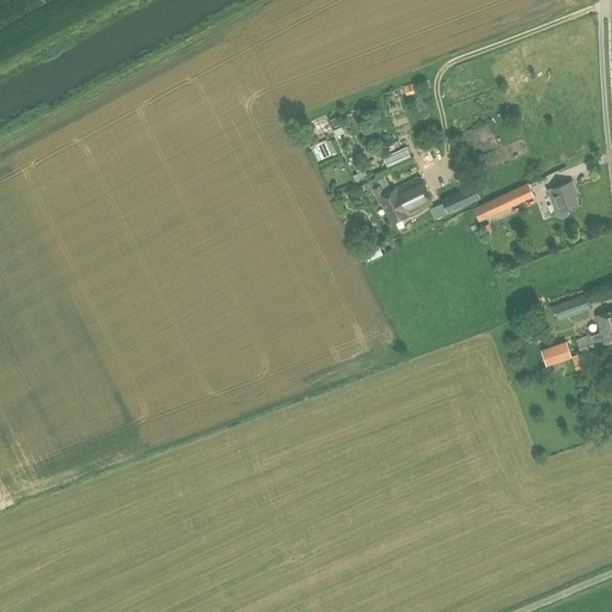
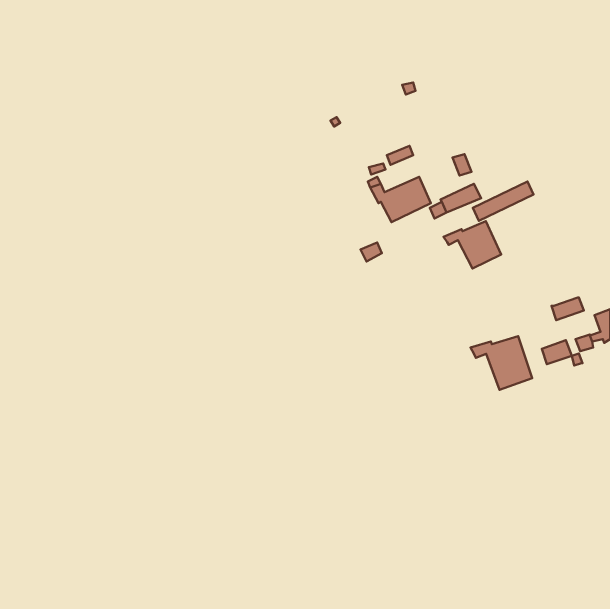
building: [547,182,579,219] -> none
building: none -> [443,221,501,269]
building: none -> [471,336,532,390]

